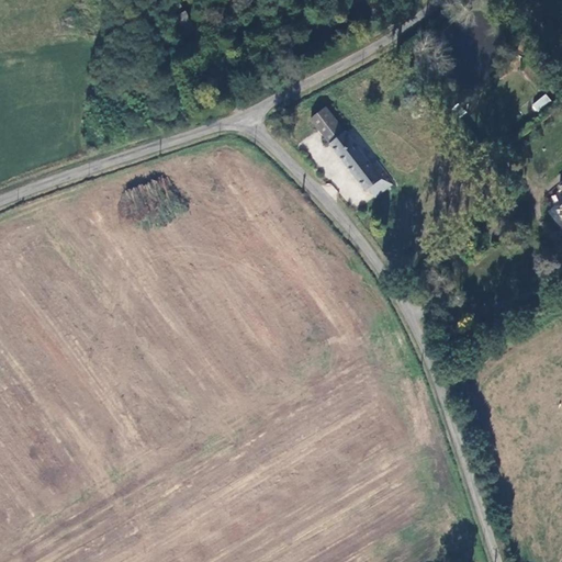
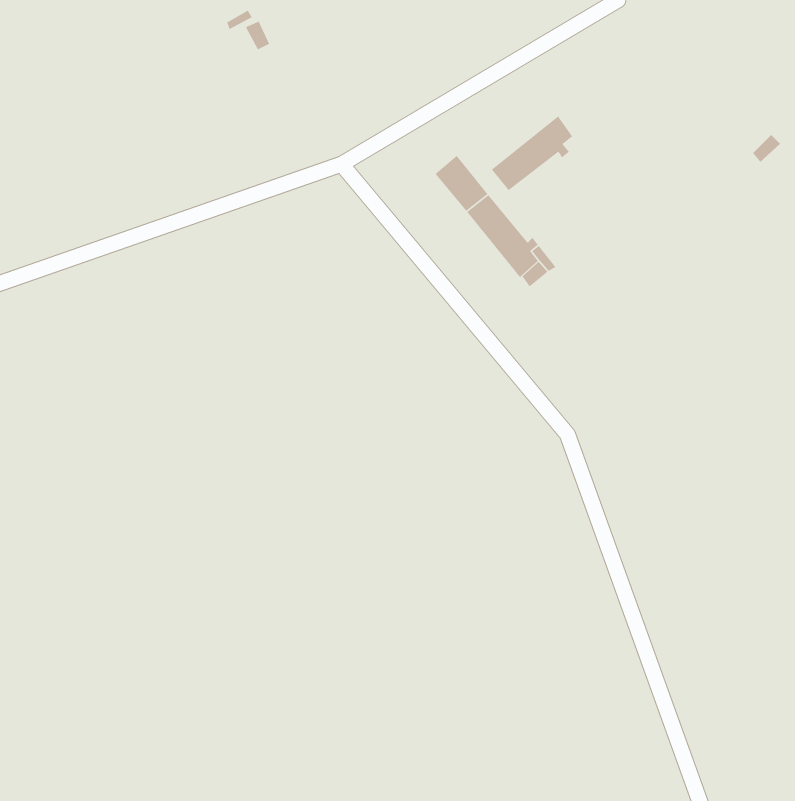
building: none -> [491,115,573,191]

